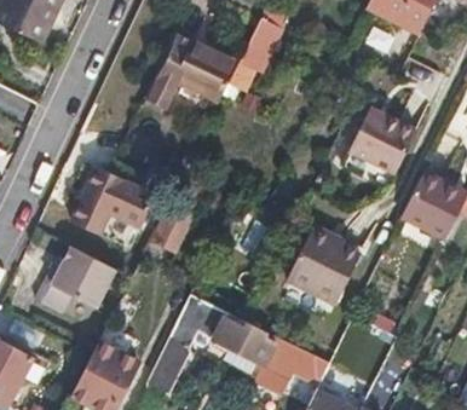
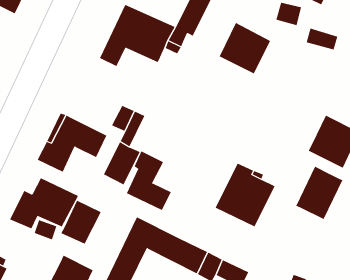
building: [352,108,416,172] -> [219,22,271,74]
building: none -> [126,151,172,211]
building: none -> [295,166,343,220]
building: none -> [61,200,101,245]

